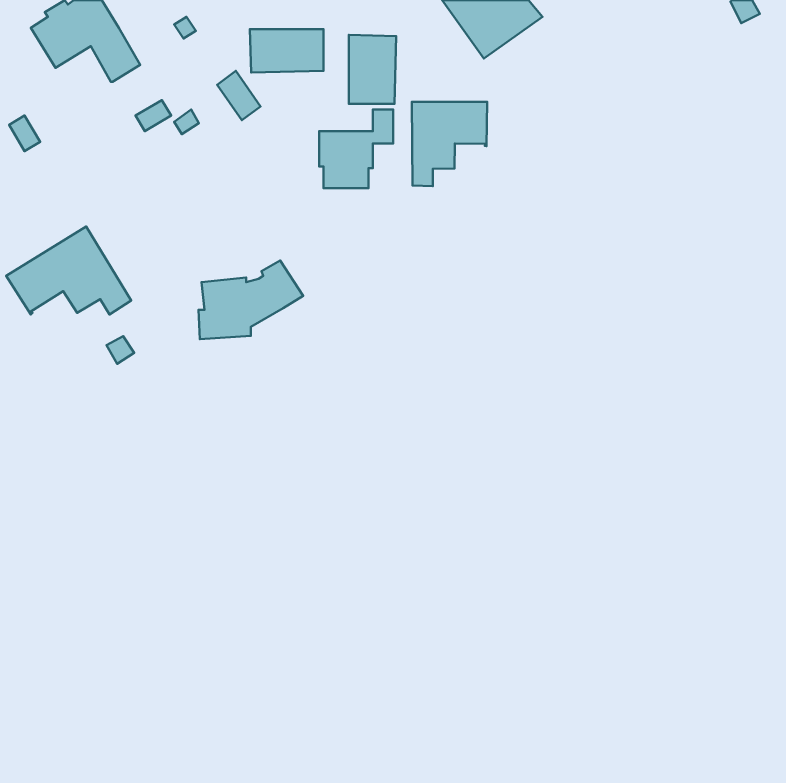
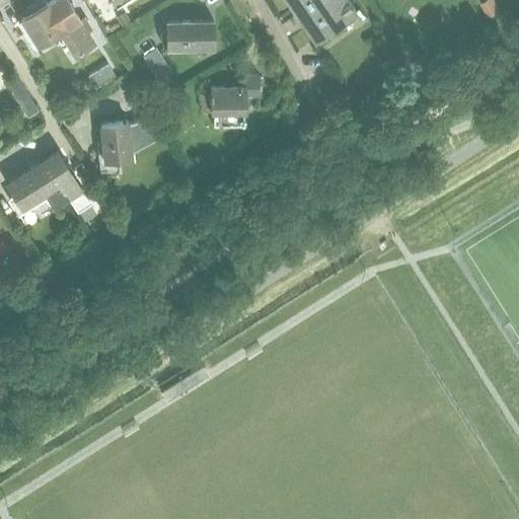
building: [349,35,396,104] -> none
building: [412,102,487,186] -> none
building: [198,260,303,339] -> [96,112,165,163]

